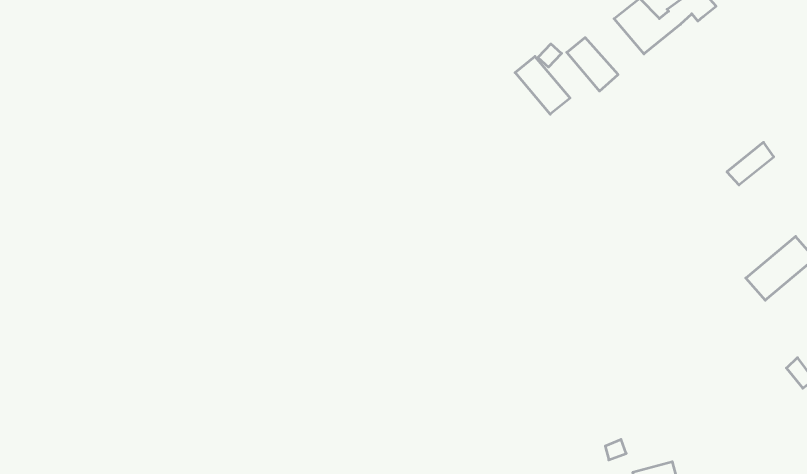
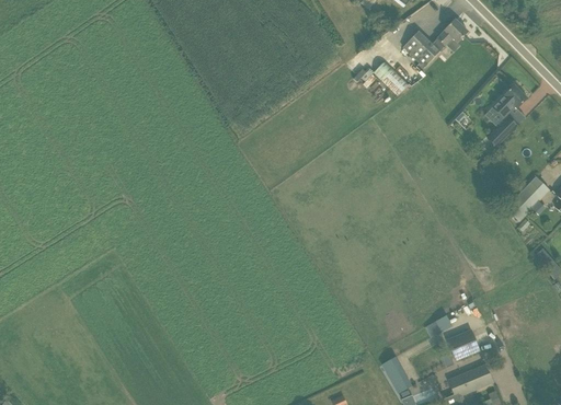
building: [515,56,570,114] -> none
building: none -> [492,84,527,117]

